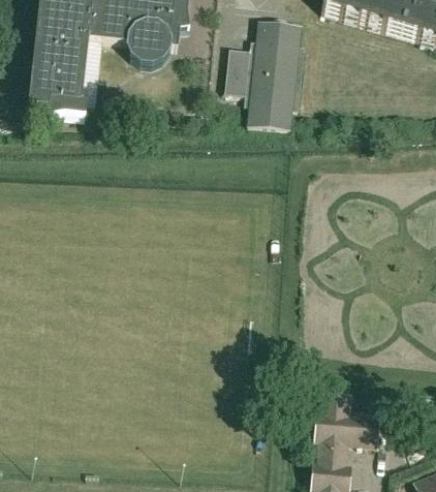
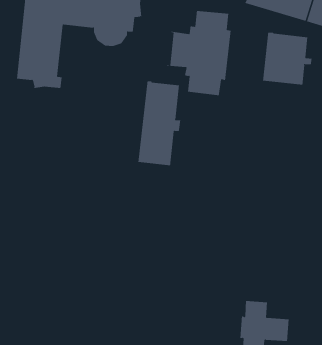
building: none -> [262,32,312,86]
building: none -> [138,80,181,166]

